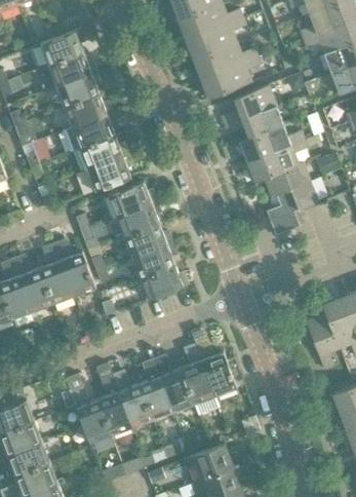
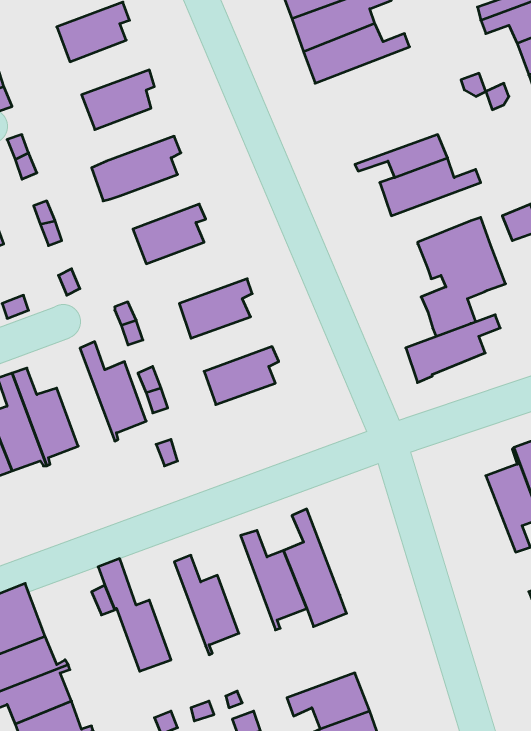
building: [48,52,97,86] -> none
building: [200,56,262,100] -> none
building: [221,86,276,129] -> none
building: [64,94,113,127] -> none
building: [69,136,128,169] -> none
building: [247,141,306,183] -> [406,315,500,383]
building: [108,182,158,216] -> none
building: [123,224,173,258] -> none
building: [40,243,76,304] -> none
building: [139,265,189,301] -> none
building: [195,340,237,396] -> none
building: [140,359,175,420] -> none
building: [95,364,134,436] -> none

